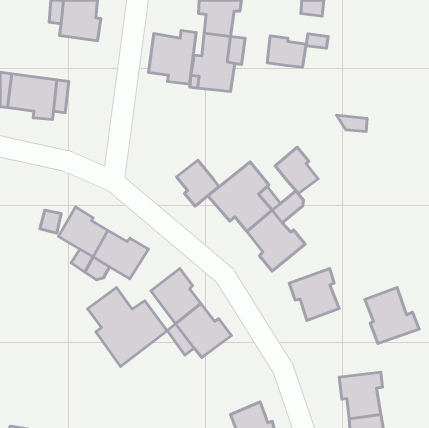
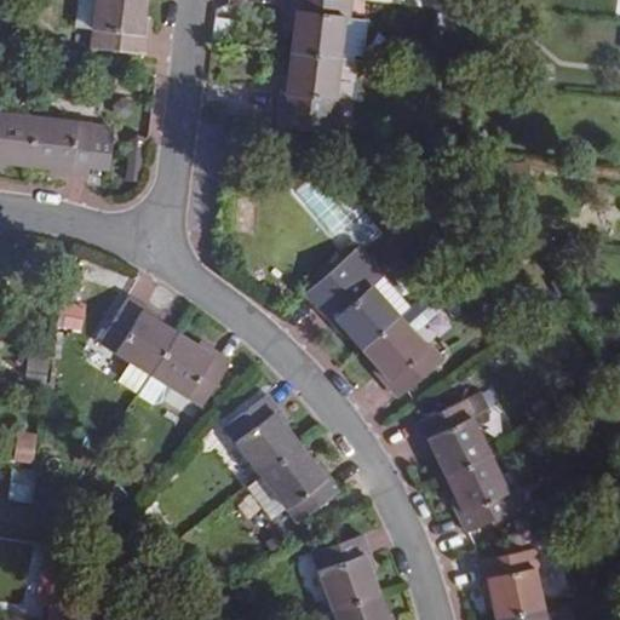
building: [148,31,196,84] -> none
building: [267,36,306,67] -> none
building: [275,147,318,194] -> none
building: [176,160,219,206] -> none
building: [88,288,167,367] -> none
building: [365,288,419,344] -> [444,448,522,528]
building: none -> [315,528,378,599]

